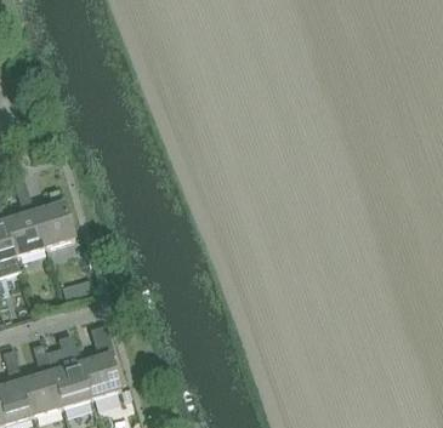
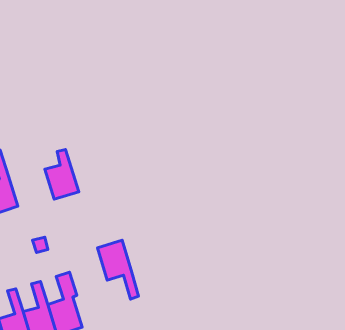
building: [34,189,74,247] -> [45,150,79,199]
building: none -> [97,240,138,299]

